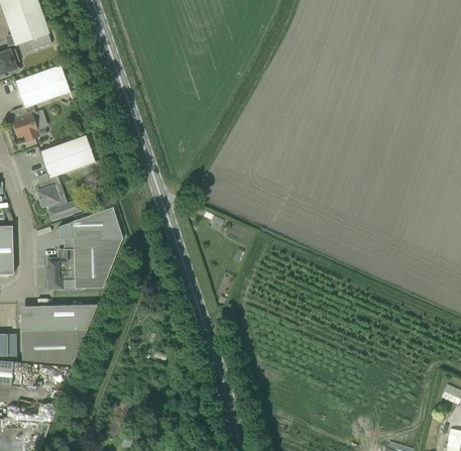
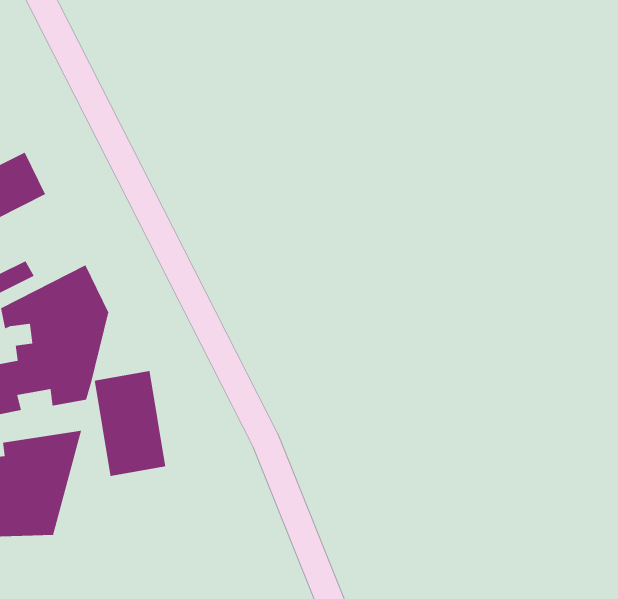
building: none -> [94,370,166,477]

